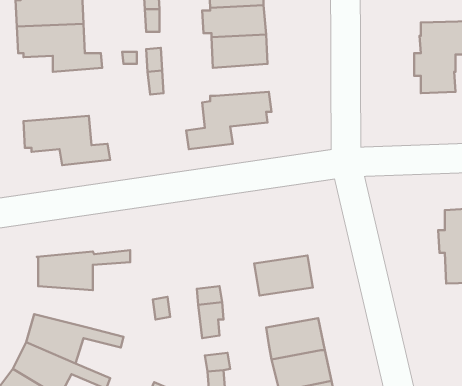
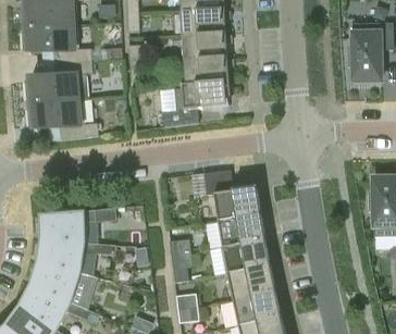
building: none -> [183,58,228,84]
building: none -> [26,61,92,104]
building: none -> [205,170,260,221]
building: none -> [37,239,115,273]
building: none -> [221,240,269,273]

